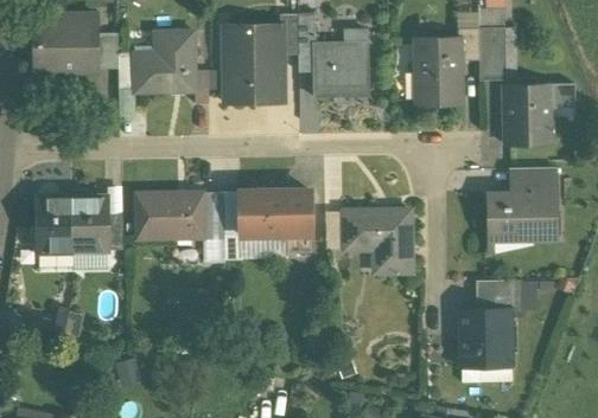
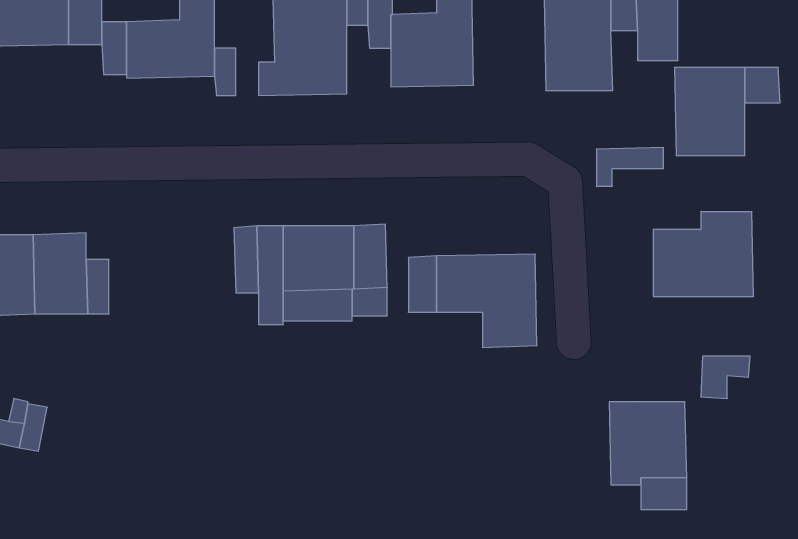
building: [511,167,556,193] -> [596,147,663,186]
building: [138,191,203,237] -> none
building: [477,279,511,309] -> none

